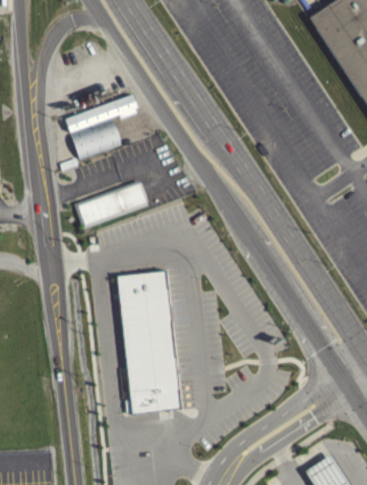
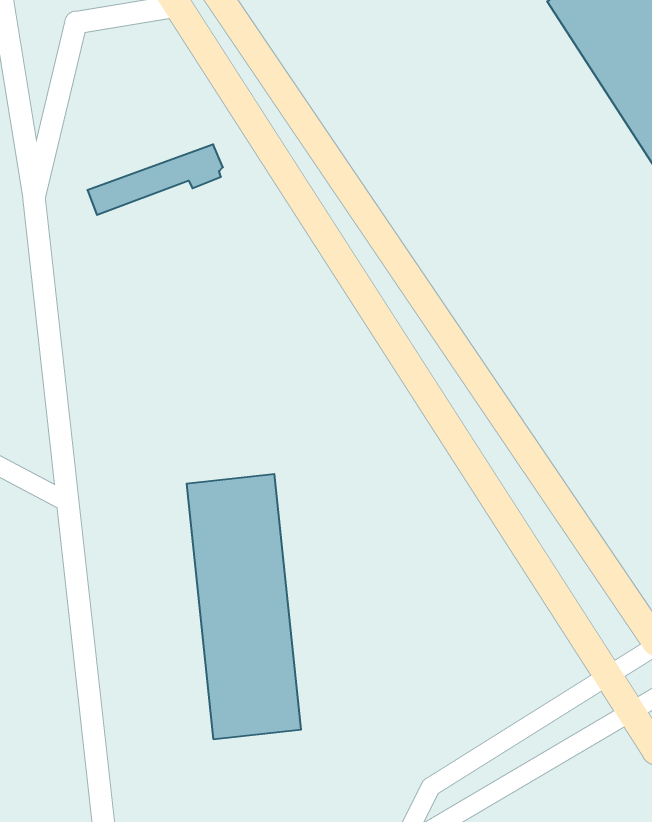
building: [70,118,122,159] -> none
building: [74,179,148,228] -> none

